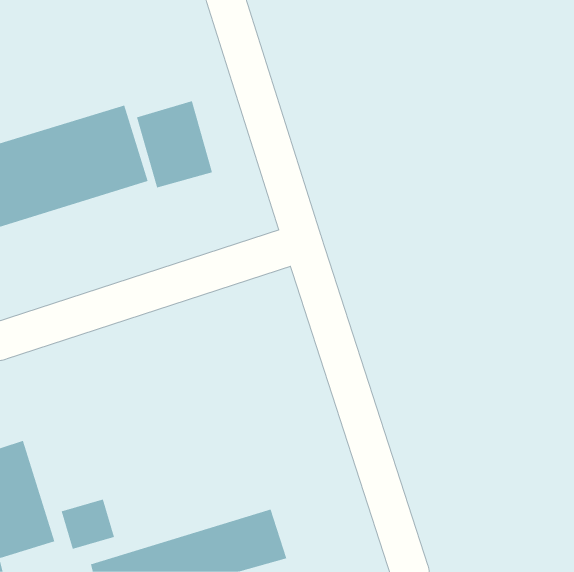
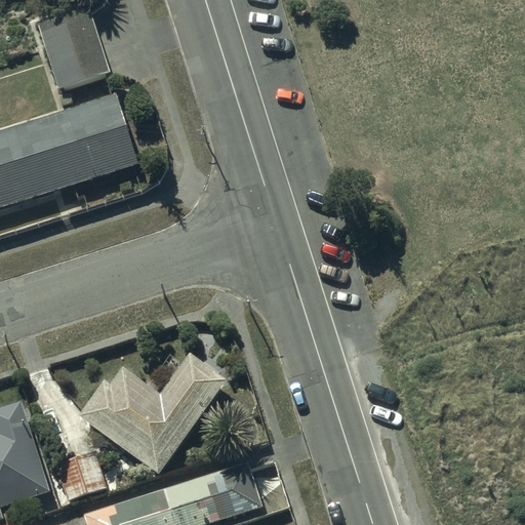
building: [136,100,213,188] -> [39,8,109,88]
building: none -> [76,353,230,476]

